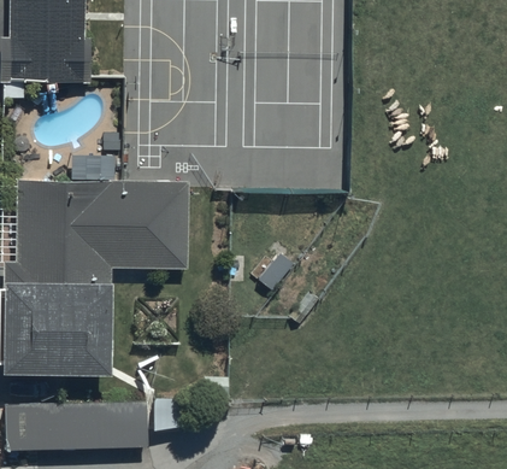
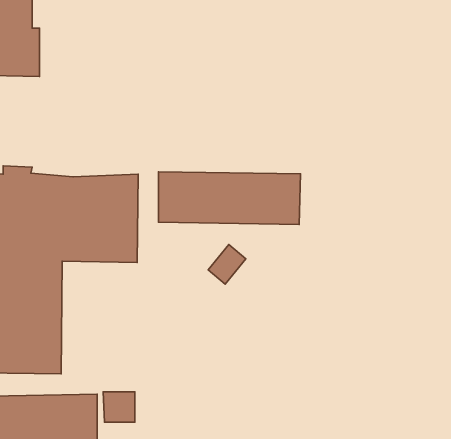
building: none -> [158,172,300,224]

